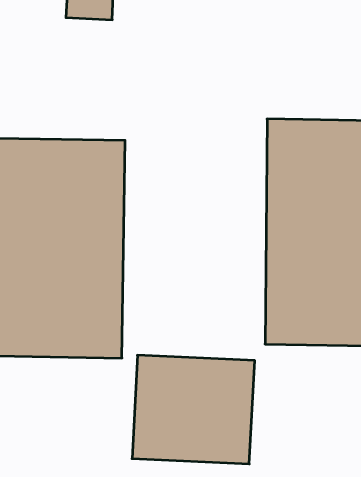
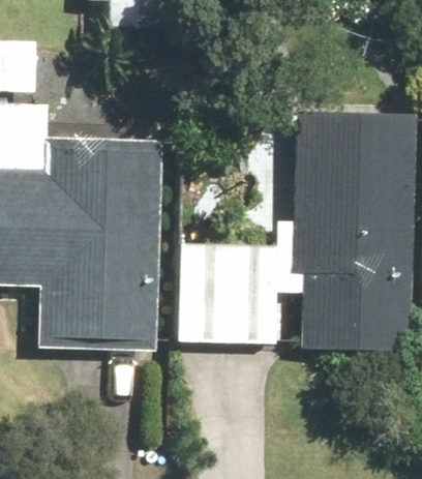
building: [132,355,255,464] -> [169,236,287,340]

